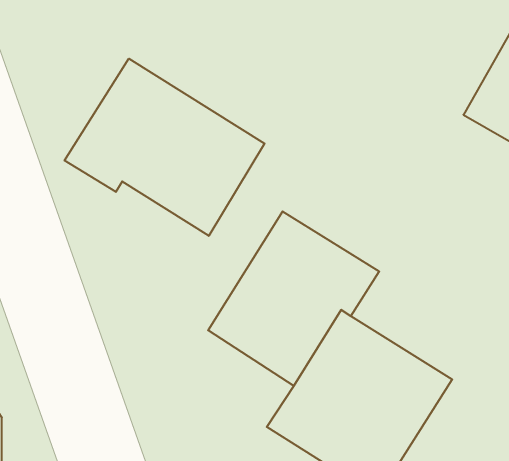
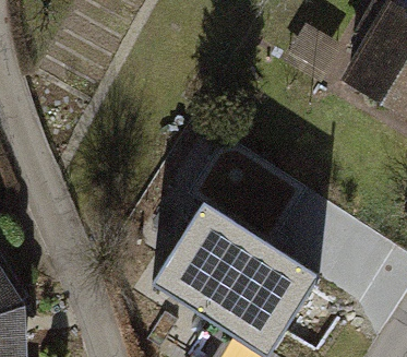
building: [65,59,265,236] -> none

